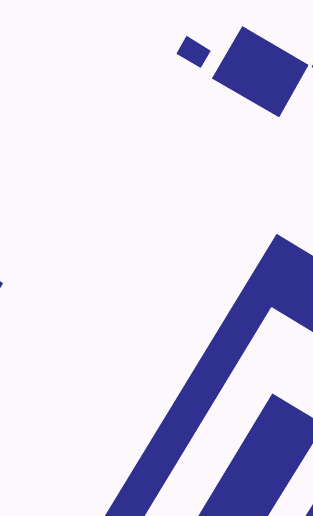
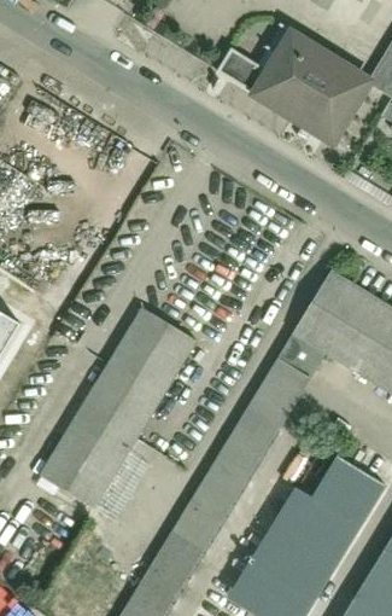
building: none -> [43,316,203,517]

